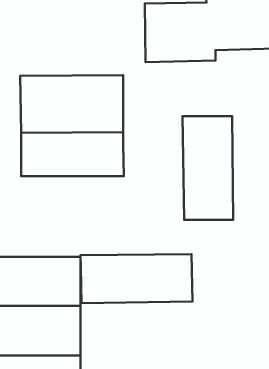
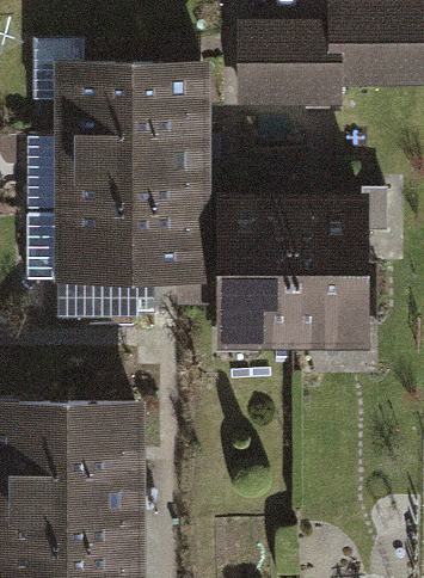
building: none -> [36,43,205,131]
building: none -> [217,191,296,346]
building: [80,254,193,303] -> none

